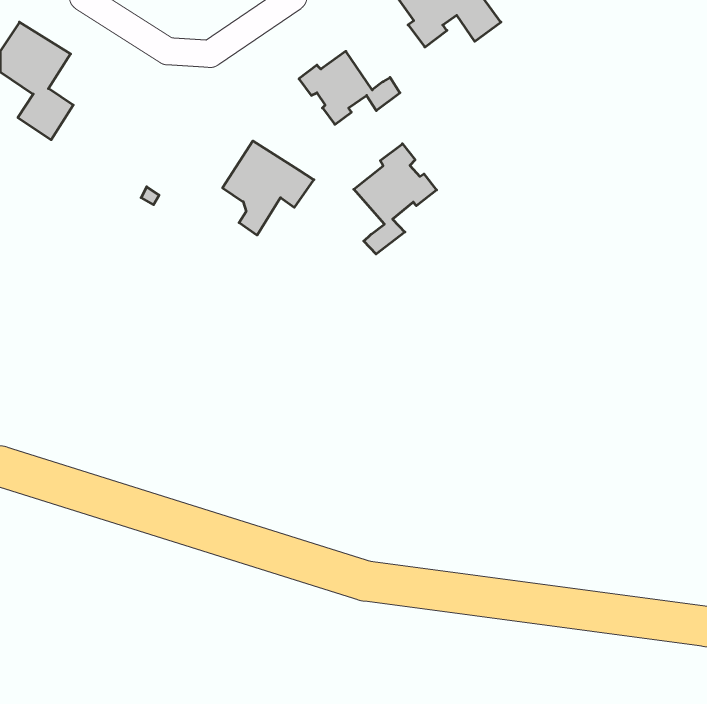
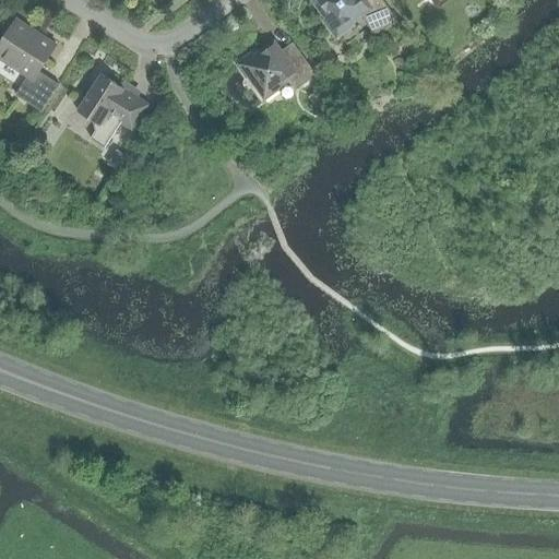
building: [223,141,314,235] -> [76,72,148,146]
building: [354,144,437,254] -> none

